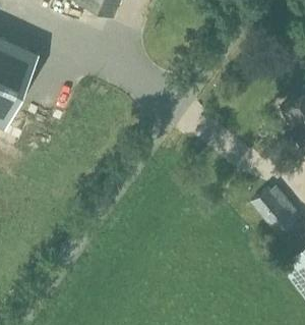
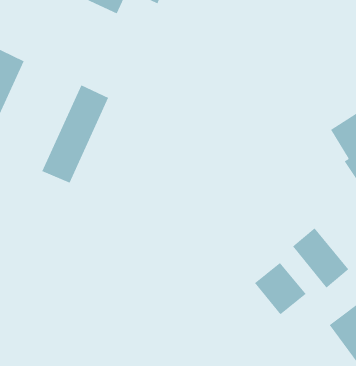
building: none -> [41,84,109,184]
building: none -> [254,262,306,315]

